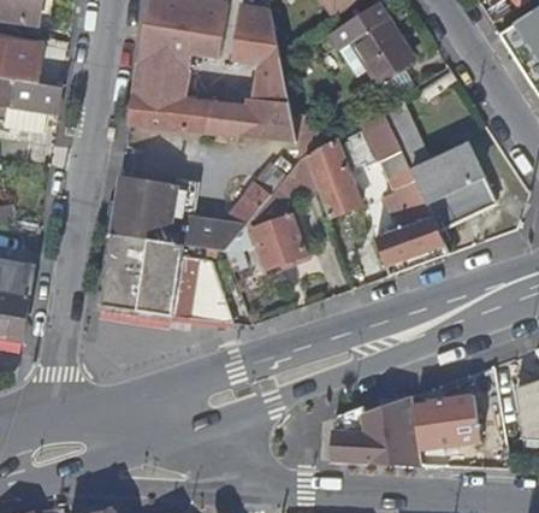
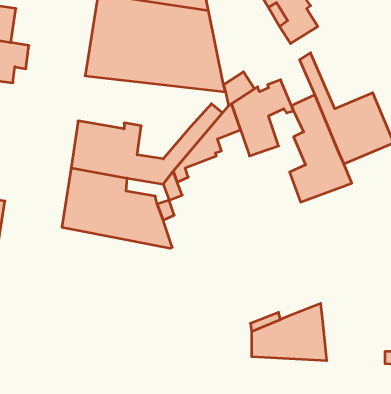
building: [363,102,404,155] -> none
building: [249,218,301,272] -> none
building: [414,399,488,452] -> none

